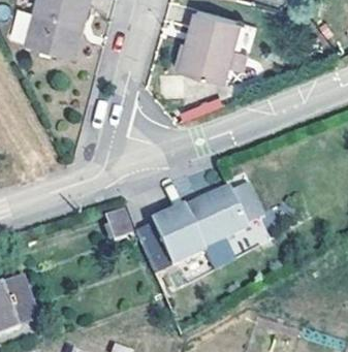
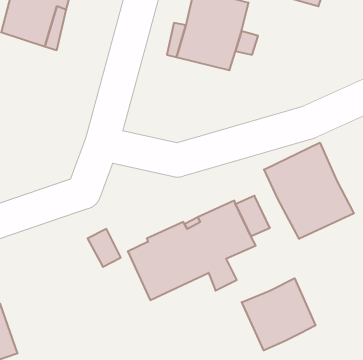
building: none -> [264,143,354,239]
building: none -> [242,278,315,350]

